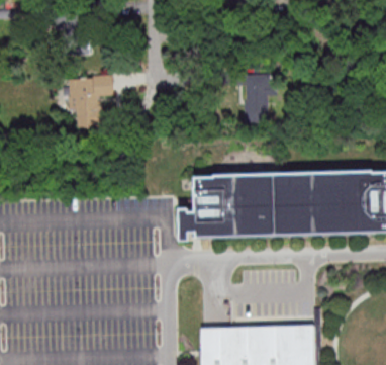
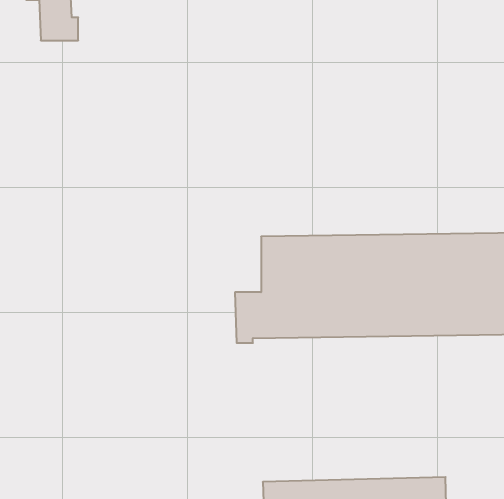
building: [70,76,115,127] -> none
building: [247,80,269,121] -> none

